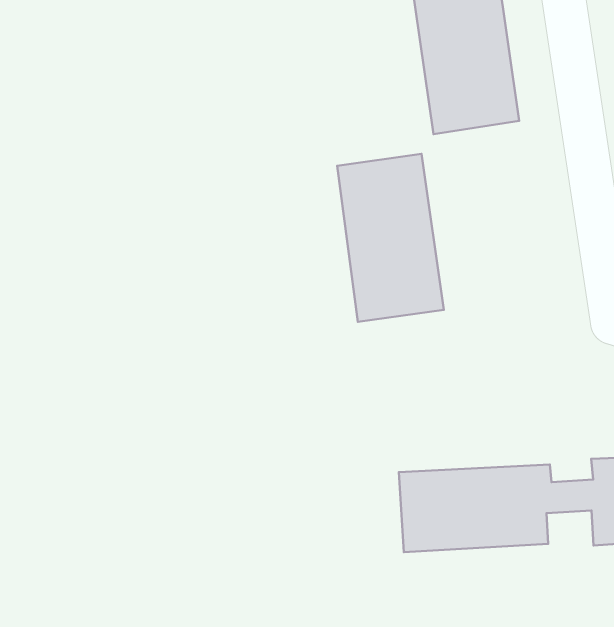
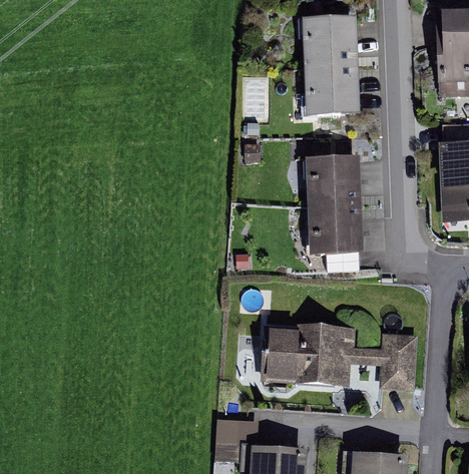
building: [337,154,444,322] -> [307,156,364,257]

